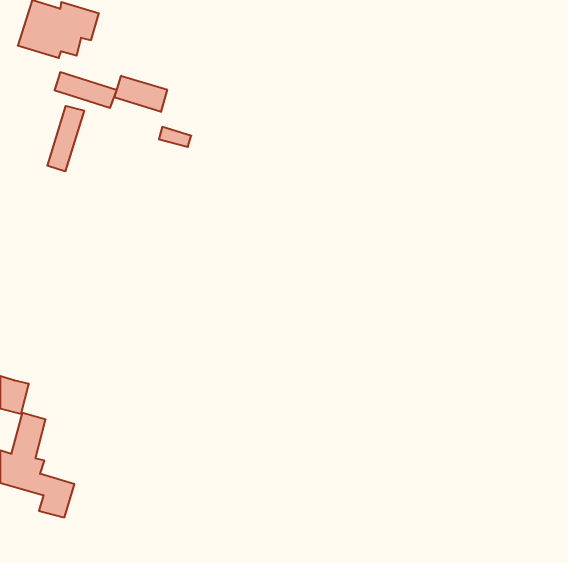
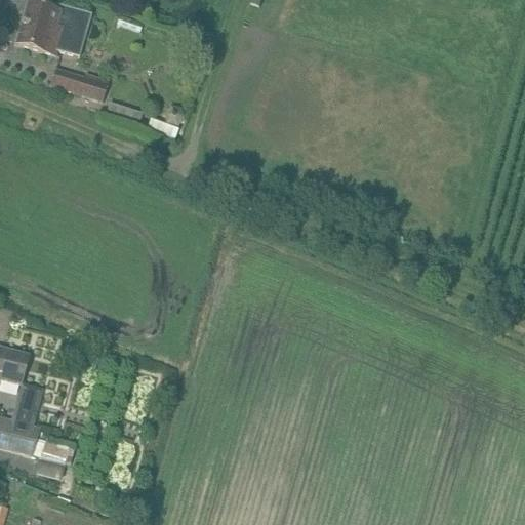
building: [114,76,167,112] -> none
building: [47,106,84,171] -> none

